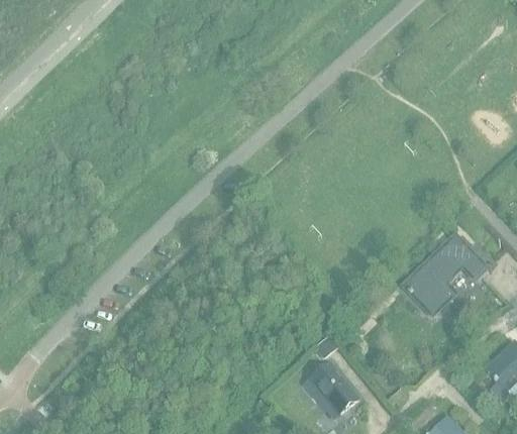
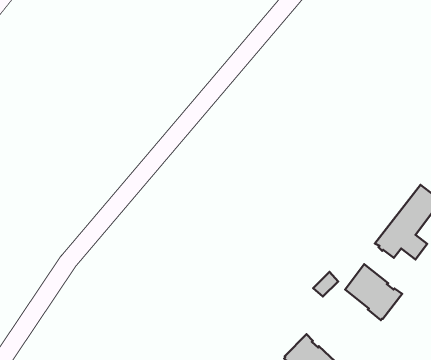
building: none -> [345,264,402,320]

